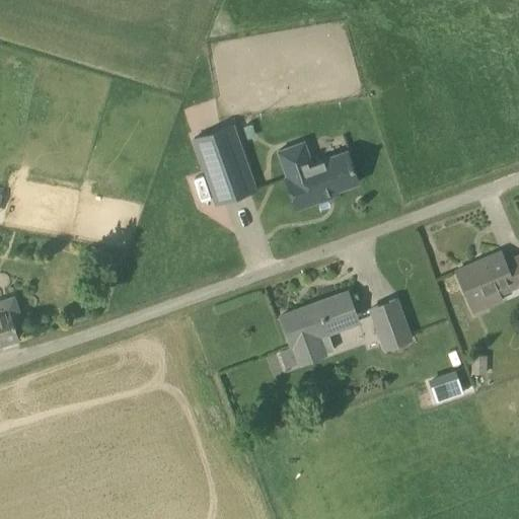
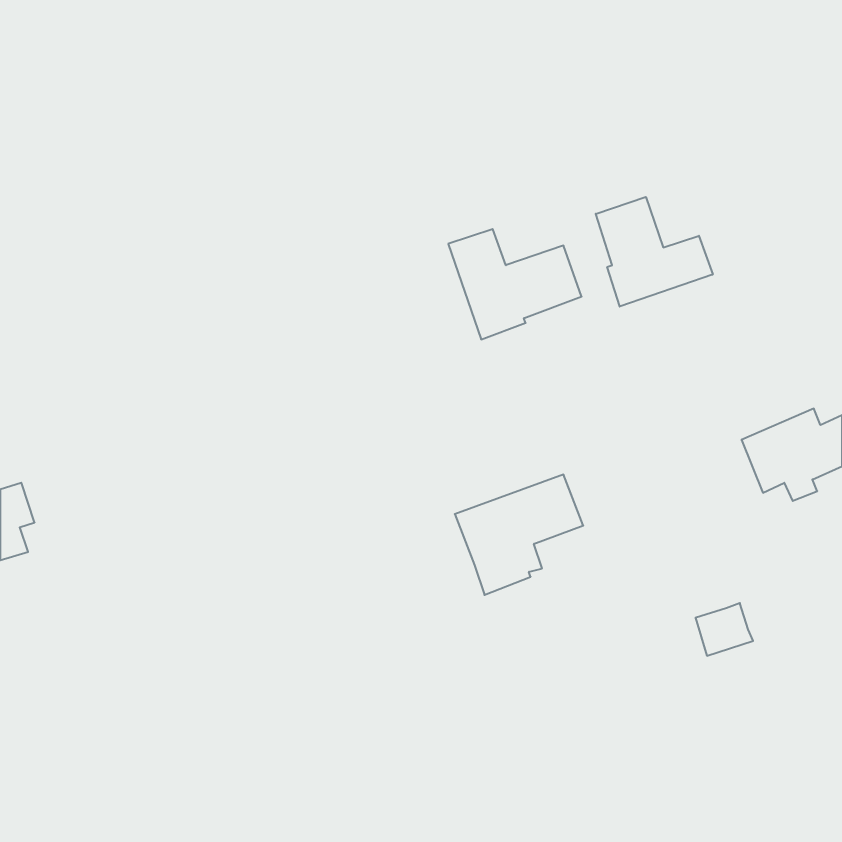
building: none -> [596,197,713,307]
building: [194,125,255,204] -> none
building: [371,299,411,350] -> none

